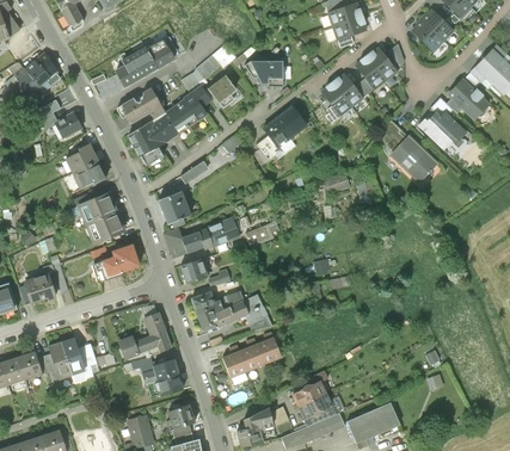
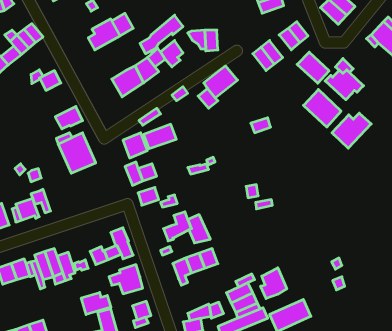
building: [447,80,487,119] -> [297,52,329,83]
building: [119,87,164,123] -> none
building: [128,123,159,155] -> none
building: [67,140,100,171] -> none
building: none -> [332,113,371,148]
building: [197,217,239,248] -> [144,124,176,149]
building: [96,245,139,282] -> none
building: [190,291,221,333] -> none
building: none -> [261,268,287,299]
building: none -> [81,292,111,315]

